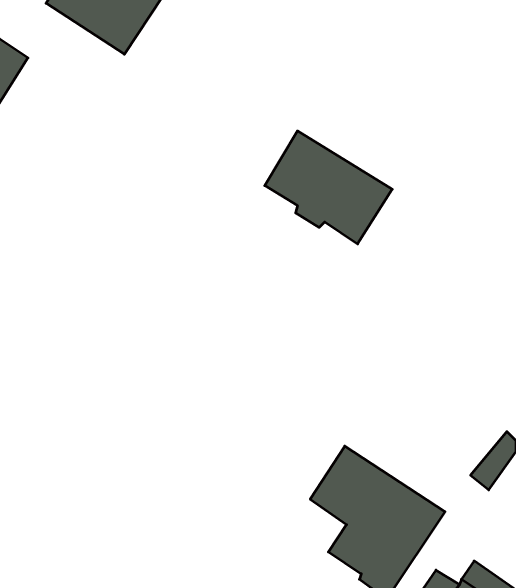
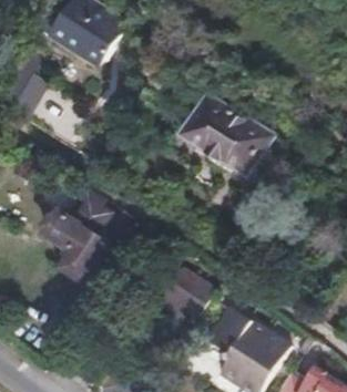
building: none -> [43,193,118,291]
building: none -> [163,264,218,317]

